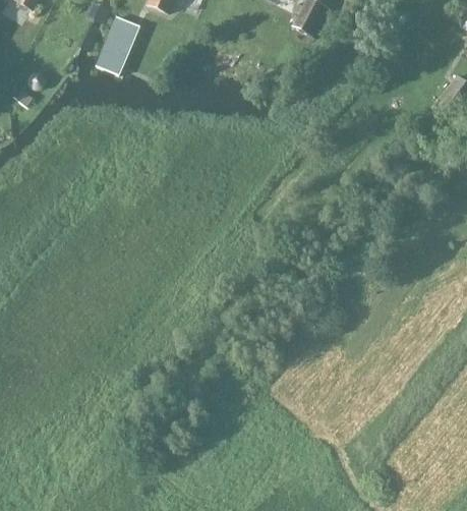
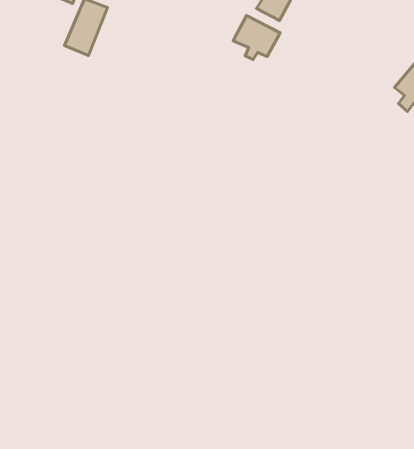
building: none -> [233,16,280,60]

